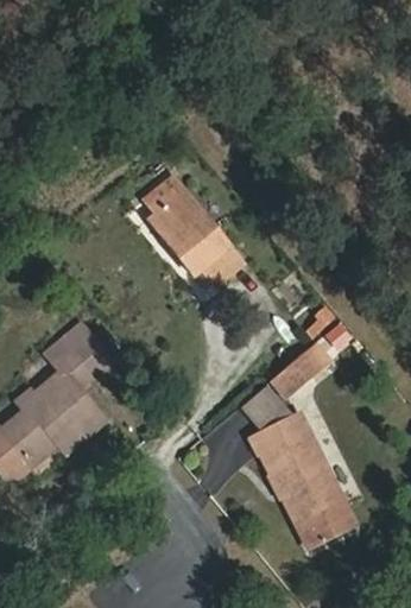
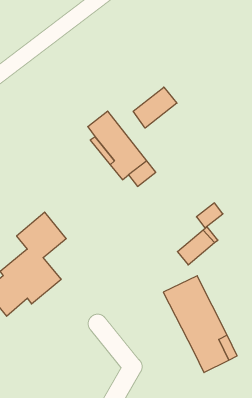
building: none -> [133,87,177,128]
building: [236,384,286,433] -> none

